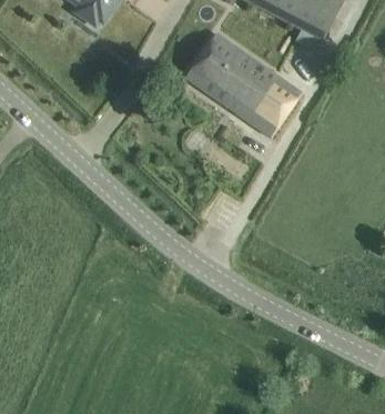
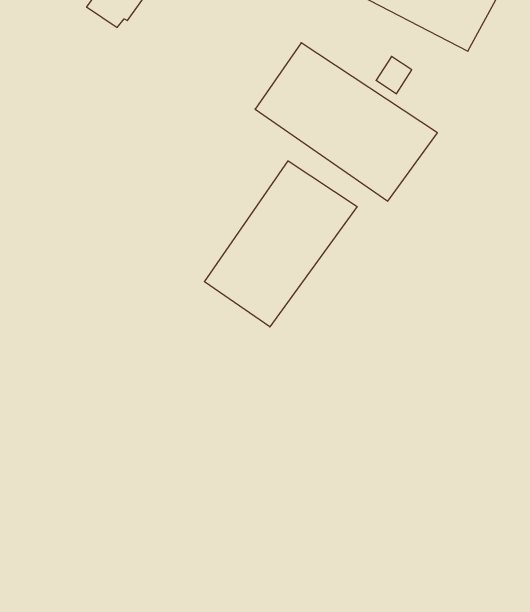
building: none -> [204,161,357,327]

